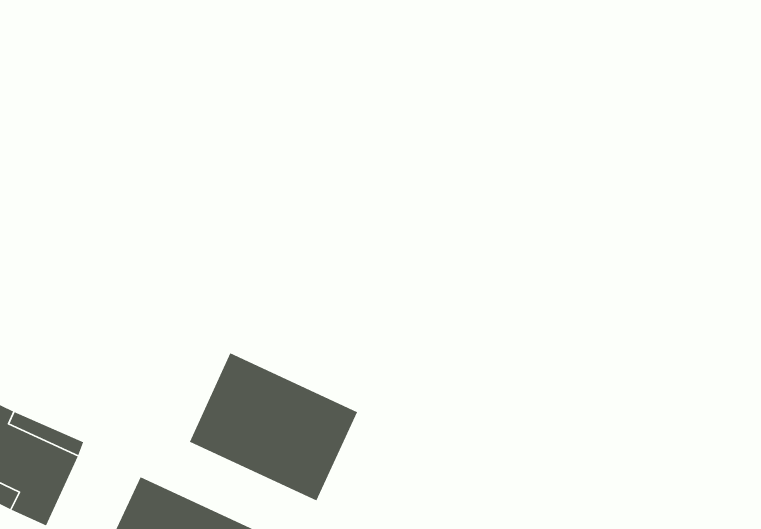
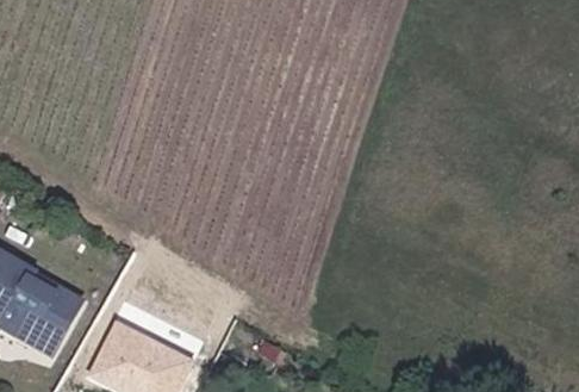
building: [189,352,358,502] -> none

